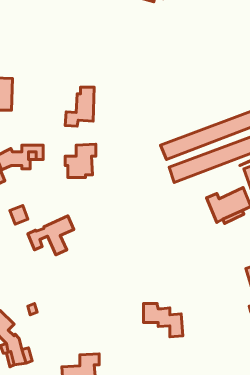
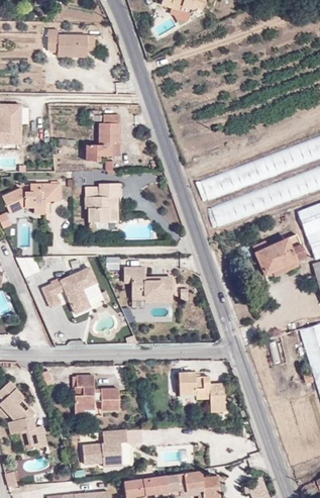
building: none -> [47,28,95,57]
building: none -> [124,267,173,301]
building: none -> [74,375,118,408]

